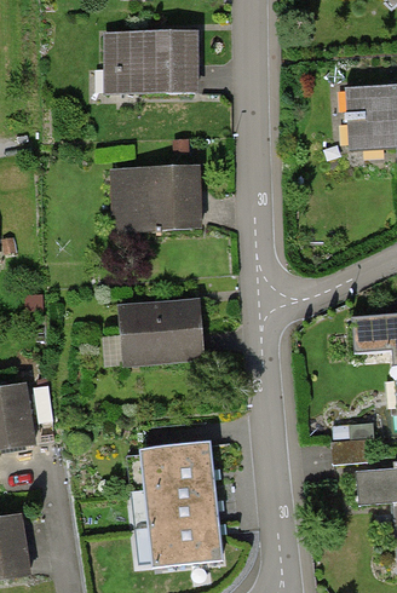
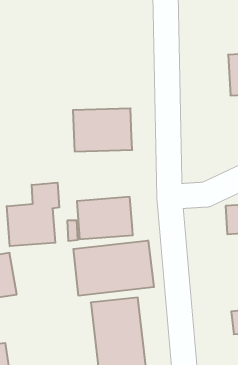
building: [105,29,198,93] -> none
building: none -> [7,183,59,246]
building: none -> [73,240,154,296]

